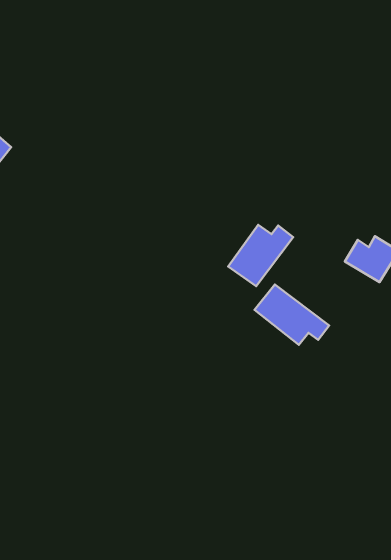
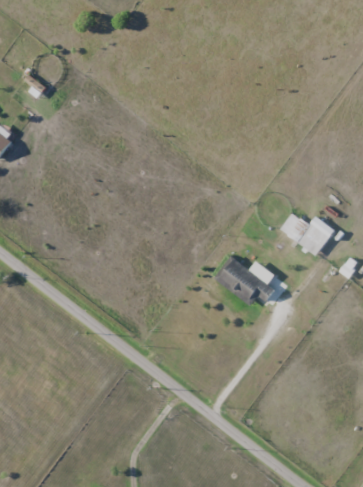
building: [228,225,293,286] -> none

